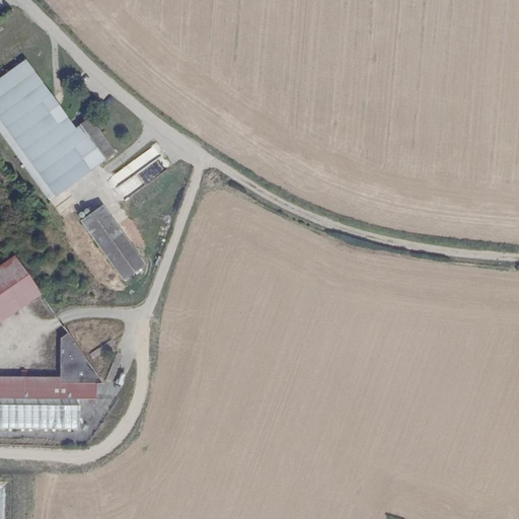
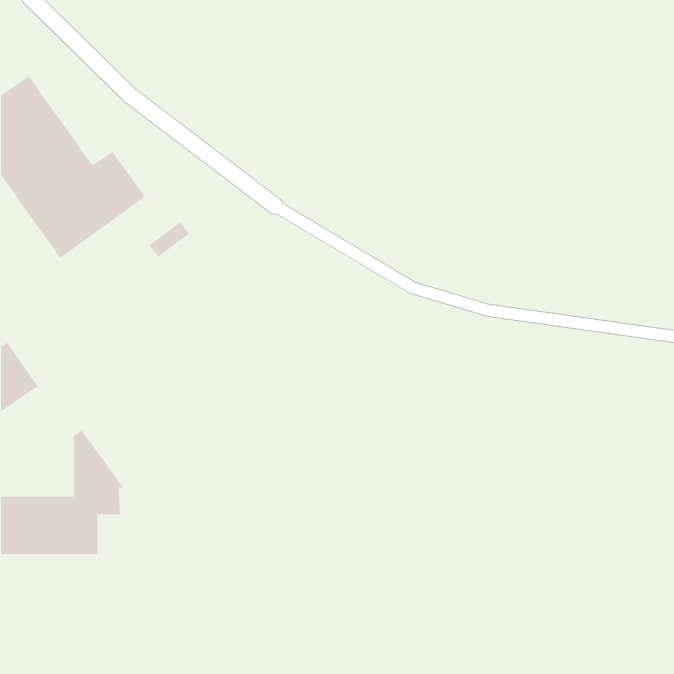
building: [80,204,143,277] -> none

